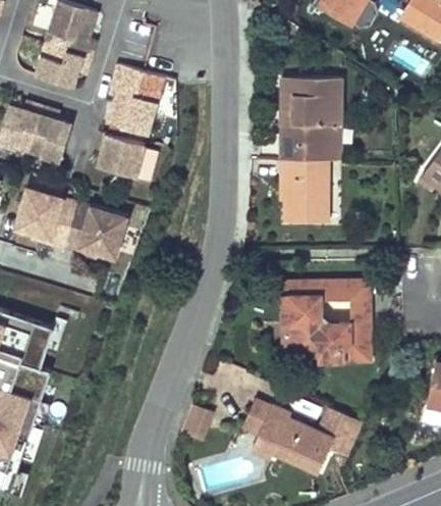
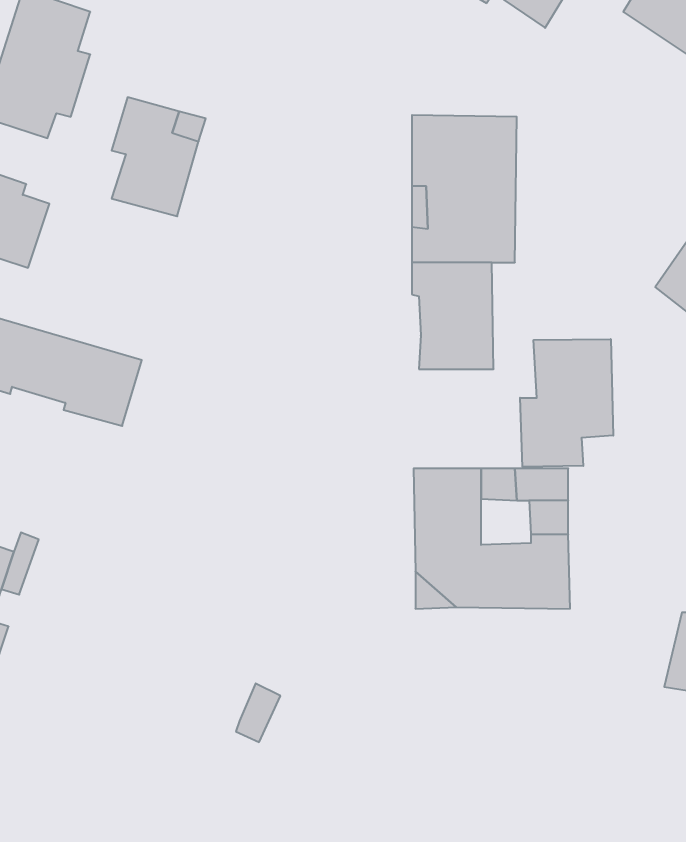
building: [94,132,159,179] -> none
building: none -> [520,339,613,467]
building: [241,398,363,470] -> none

